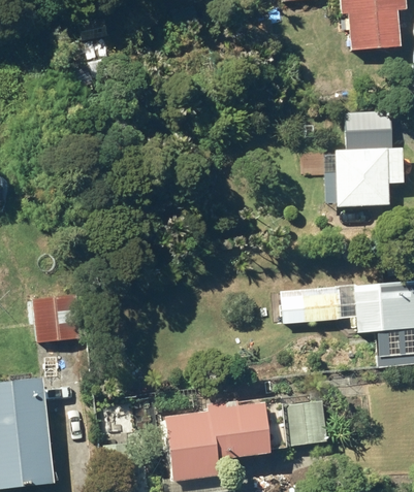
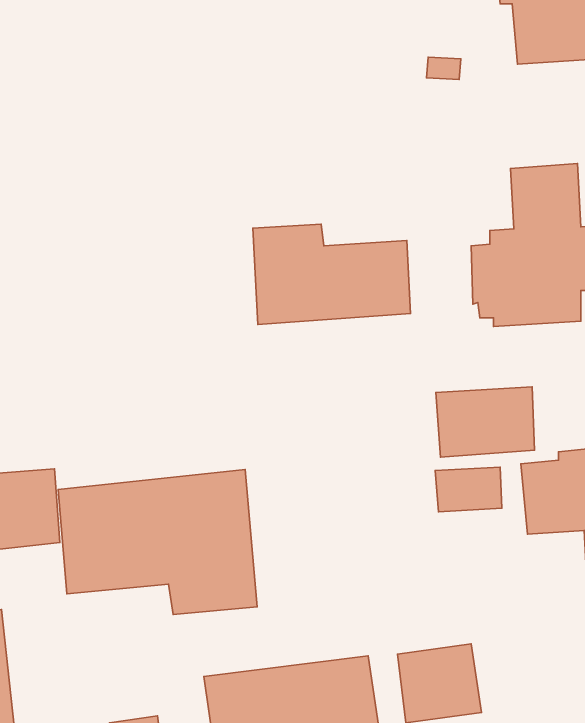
building: none -> [253,224,410,325]
building: none -> [436,387,534,457]
building: none -> [58,470,257,615]

